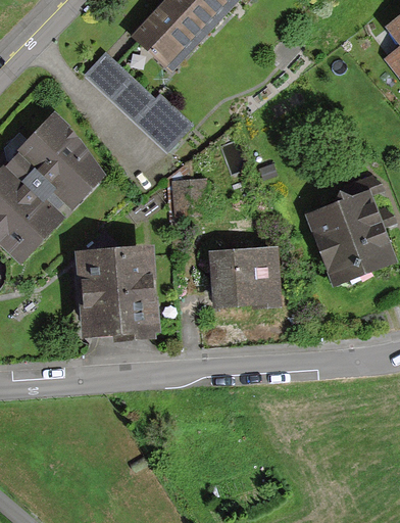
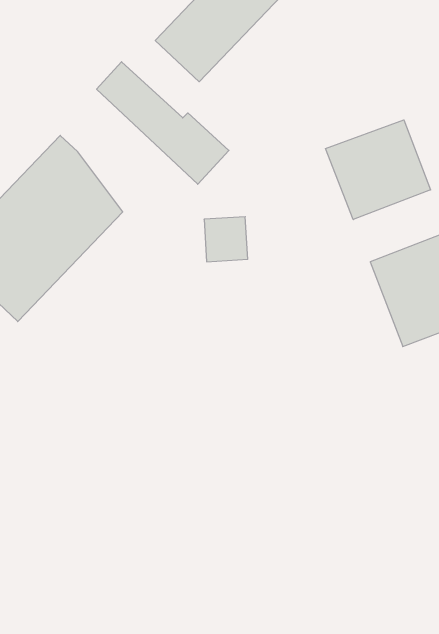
building: none -> [326,120,431,220]
building: [73,246,157,338] -> none
building: [205,247,281,310] -> none

